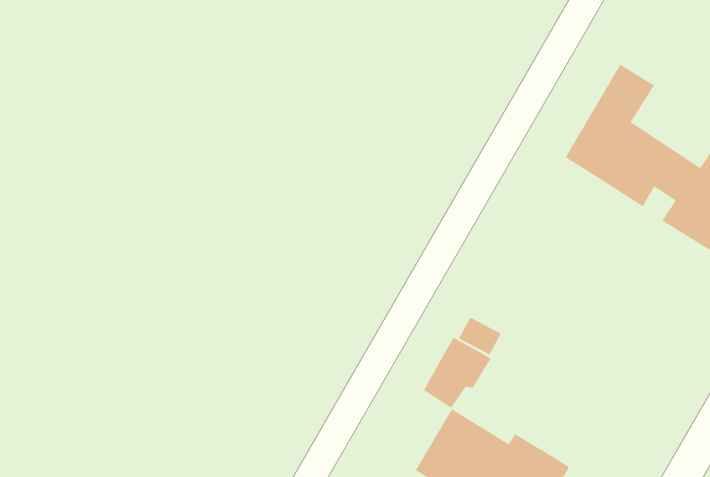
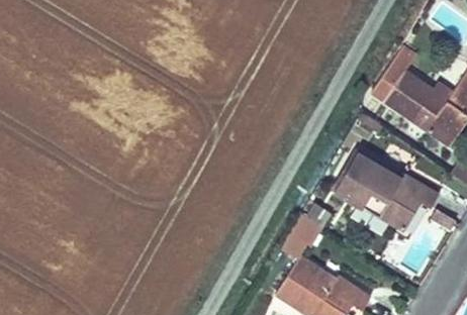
building: none -> [337,154,440,235]

